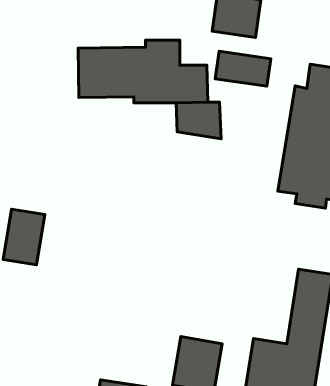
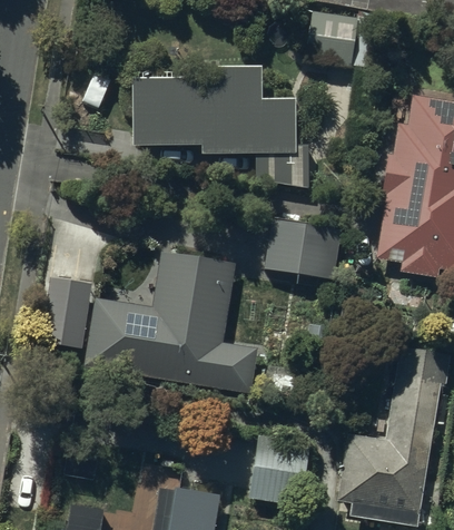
building: [215,51,271,86] -> none
building: none -> [265,222,344,278]
building: none -> [87,253,254,385]

